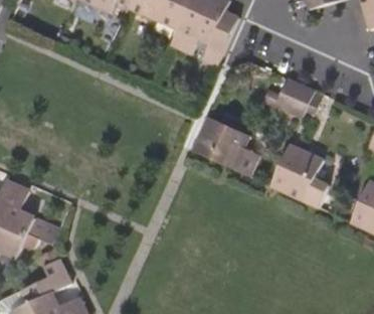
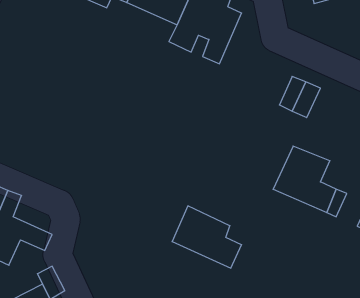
building: [194,117,260,176] -> [172,206,242,268]

